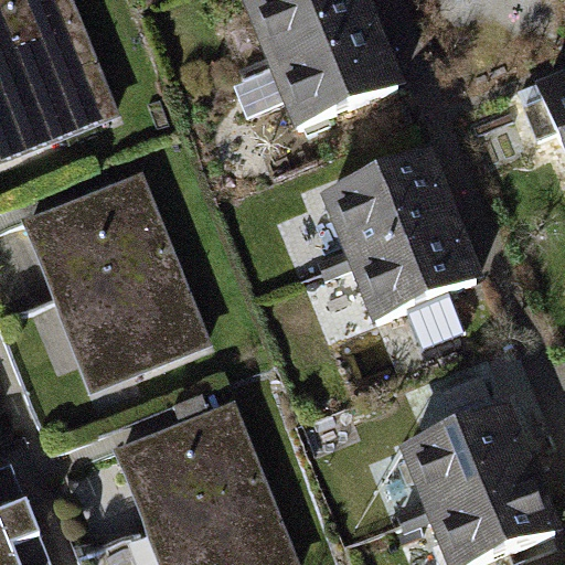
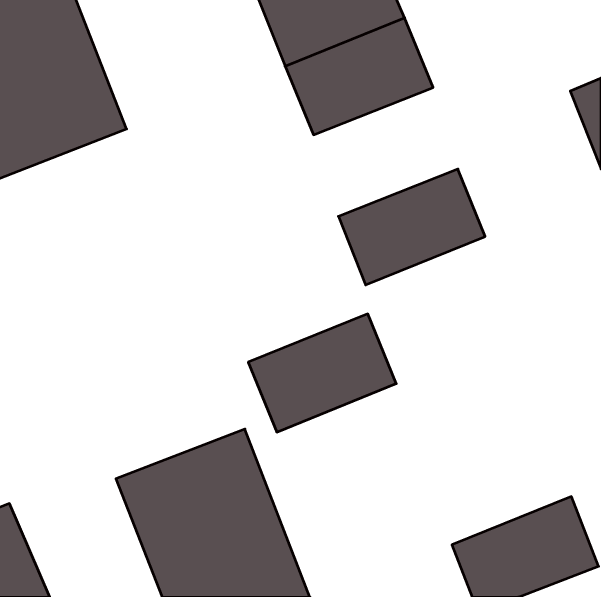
building: [25,172,214,395] -> none
building: [341,221,479,331] -> [248,314,396,432]
building: [396,399,533,509] -> none

